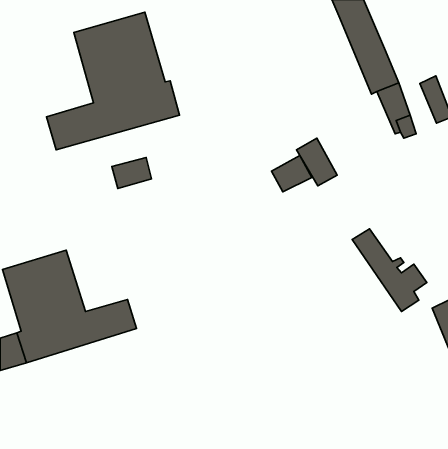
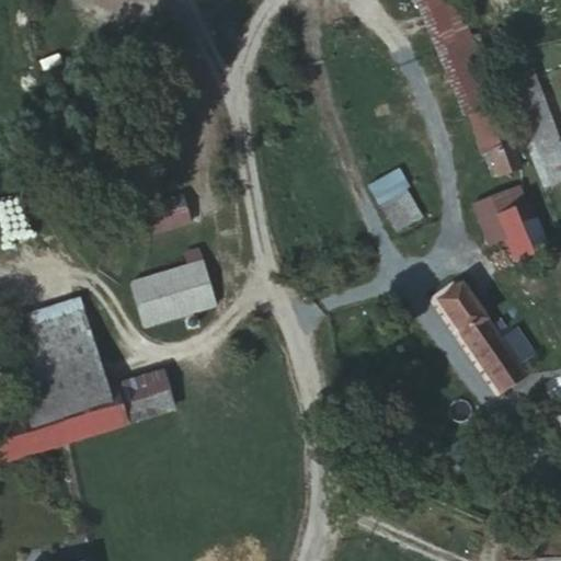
building: [47,12,179,150] -> none
building: none -> [474,185,548,255]
building: [271,155,312,192] -> none
building: none -> [133,249,217,325]

